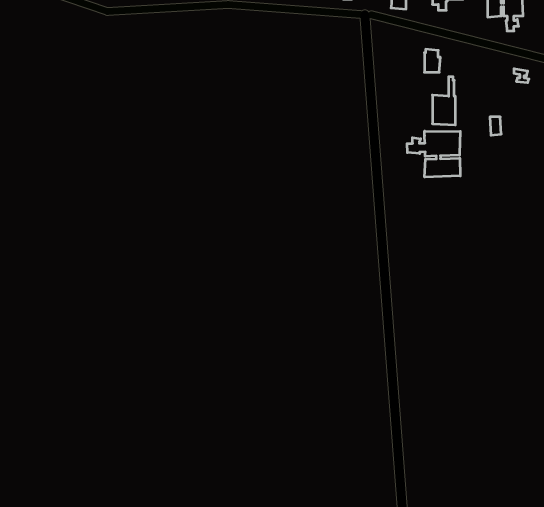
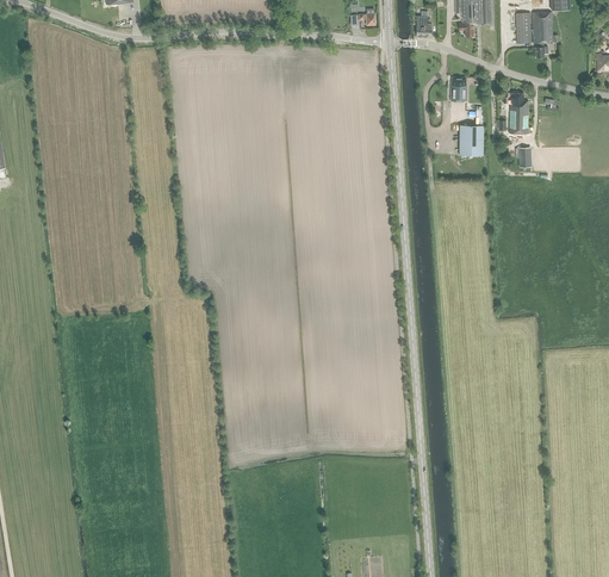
building: none -> [508,92,527,132]
building: [407,131,460,177] -> none

